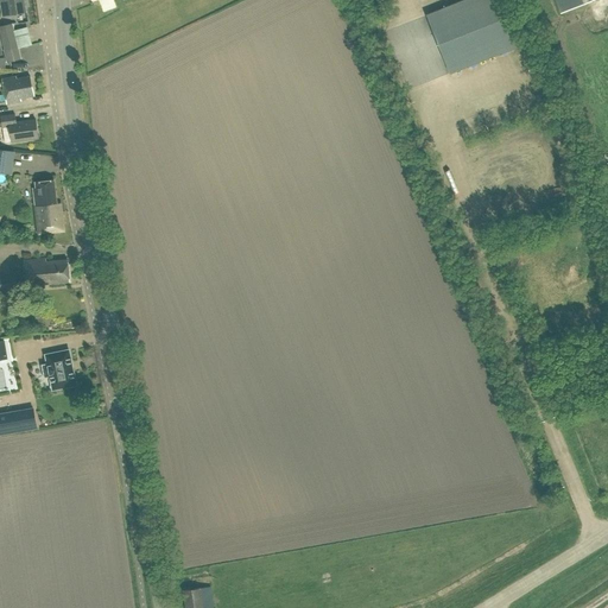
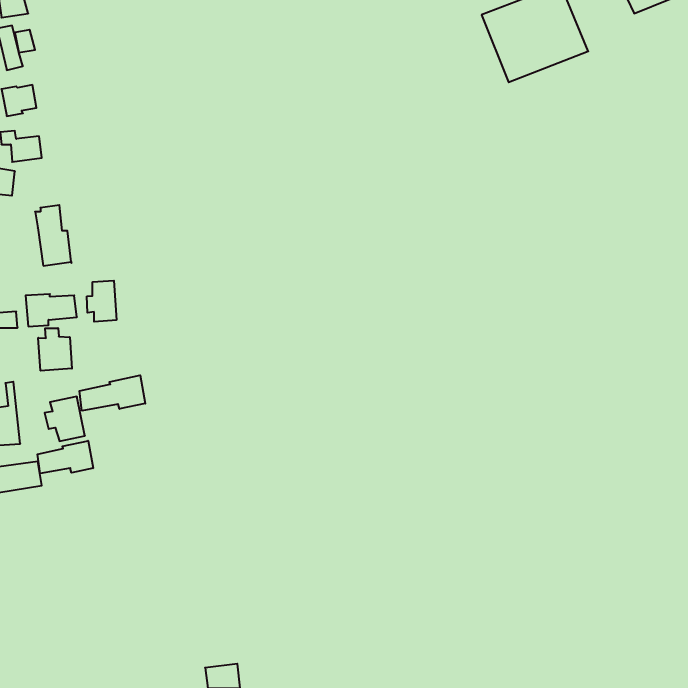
building: none -> [87,281,116,322]
building: none -> [38,328,72,371]
building: none -> [79,375,145,411]
building: none -> [37,441,93,474]

